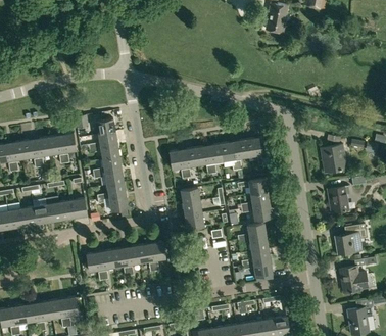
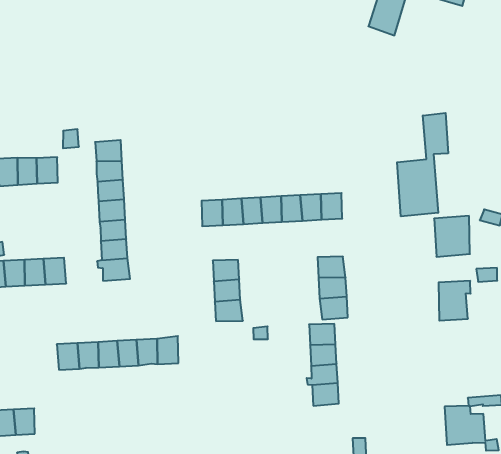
building: none -> [397,113,448,216]
building: [334,223,367,254] -> none

